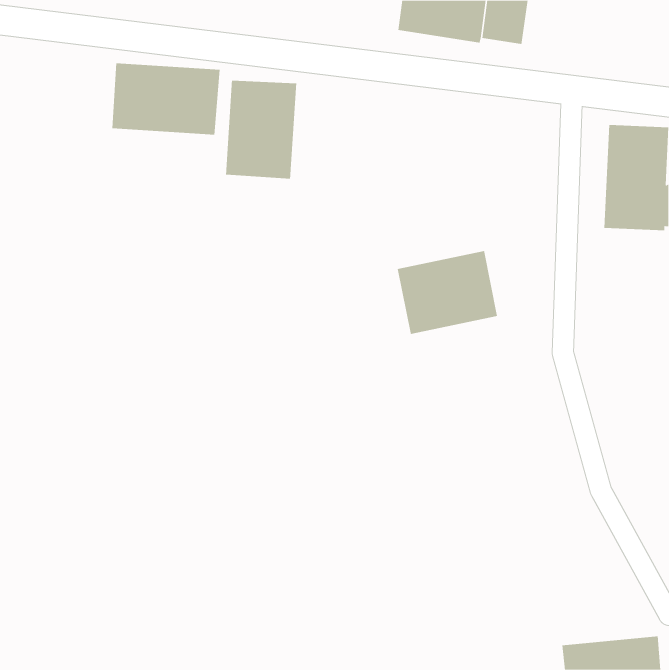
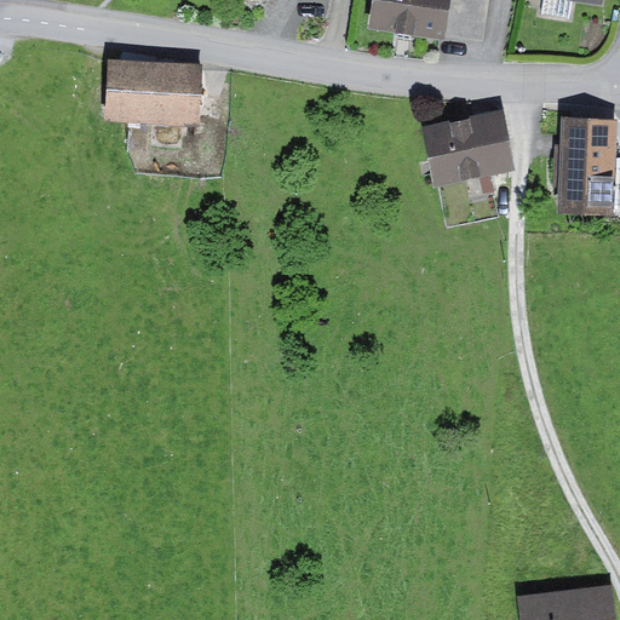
building: [226,80,297,179] -> none
building: [397,251,498,335] -> [421,109,515,186]

